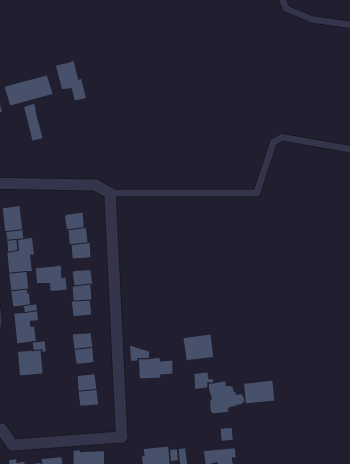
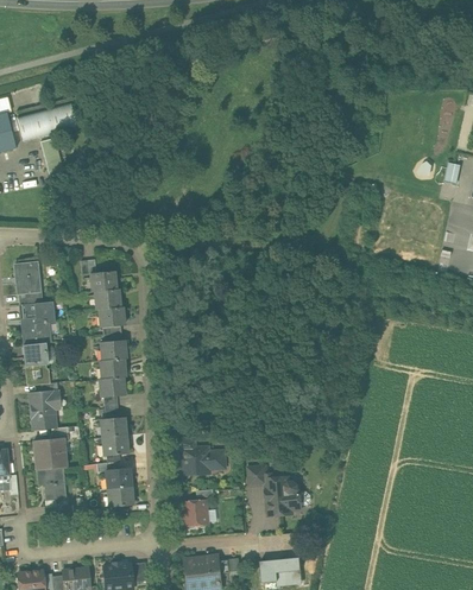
building: [55,60,87,101] -> none
building: [35,265,67,292] -> none
building: [183,334,214,361] -> none
building: none -> [36,468,67,501]
building: [243,380,275,404] -> none
building: none -> [181,500,208,527]

